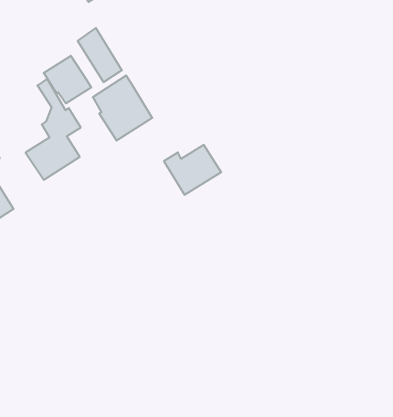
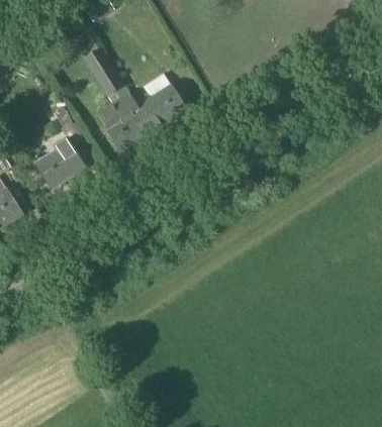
building: [44,56,91,103] -> none
building: [164,145,221,195] -> [133,84,187,130]

